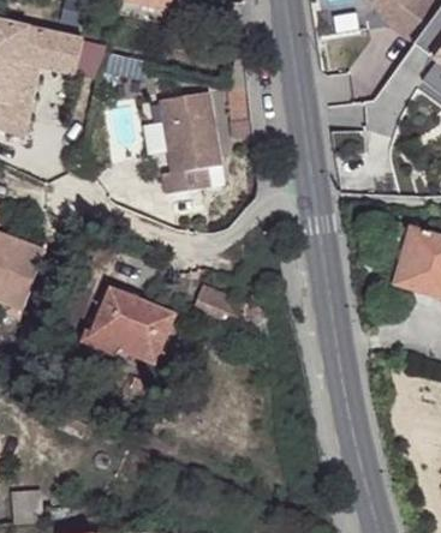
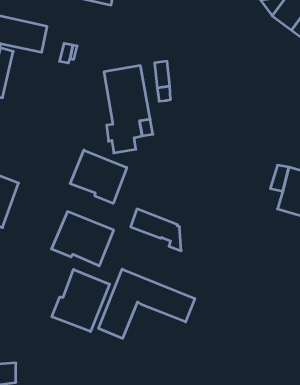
building: none -> [70,150,127,203]
building: none -> [99,269,195,338]
building: none -> [52,269,110,332]

